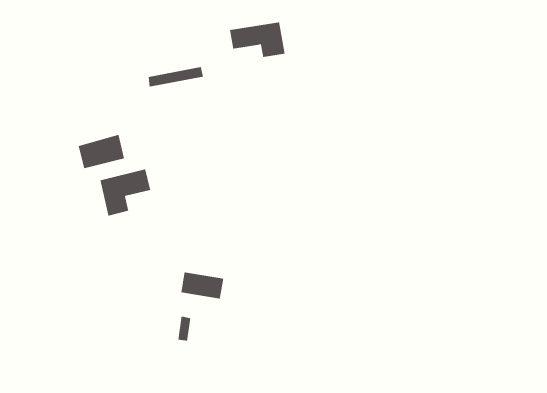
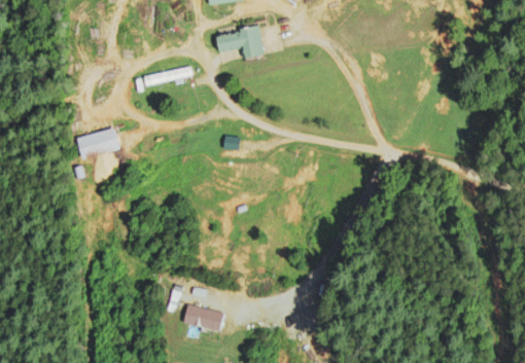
building: [100,168,151,216] -> none
building: [180,272,224,299] -> [184,305,223,330]

